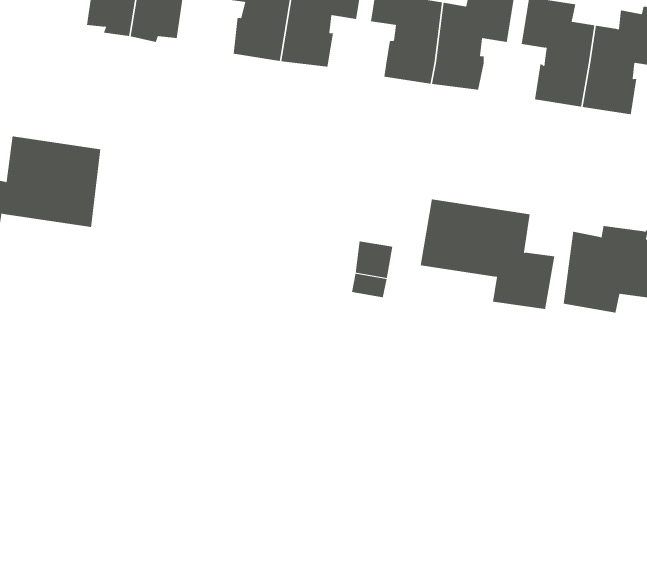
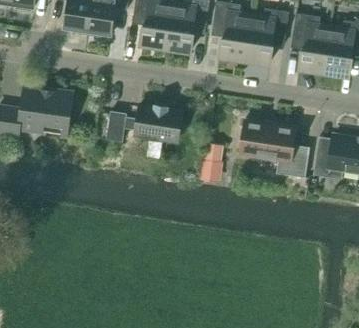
building: none -> [106,103,181,157]

